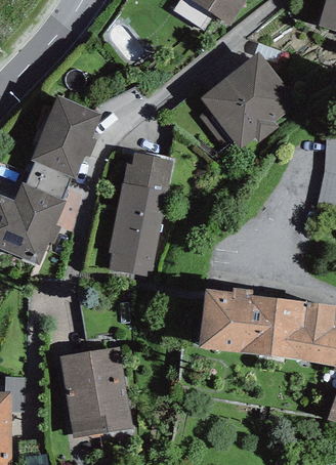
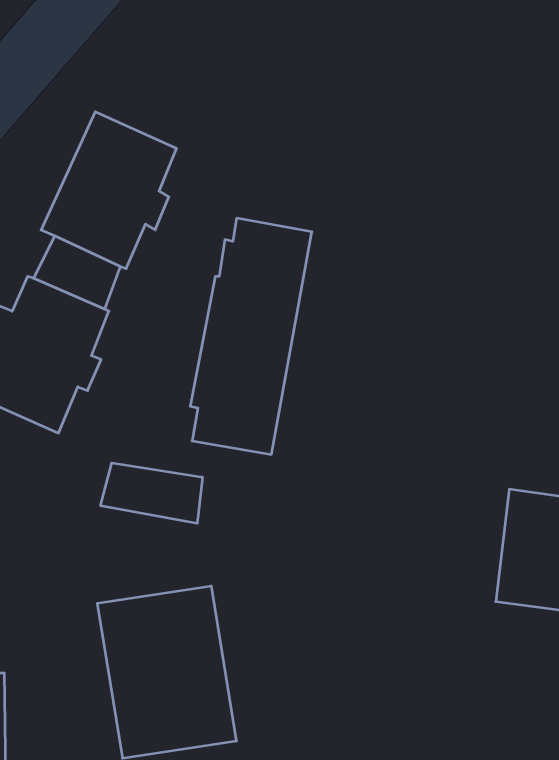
building: [199,51,298,150] -> none
building: none -> [101,463,202,523]
building: [198,286,277,355] -> none

